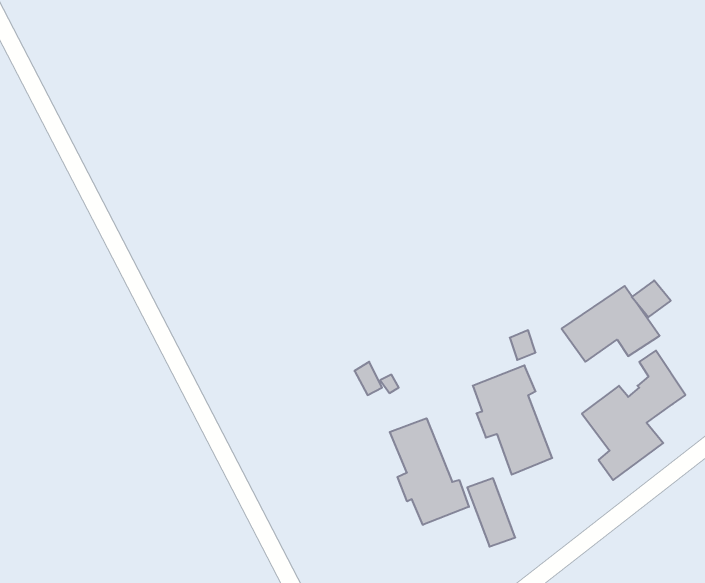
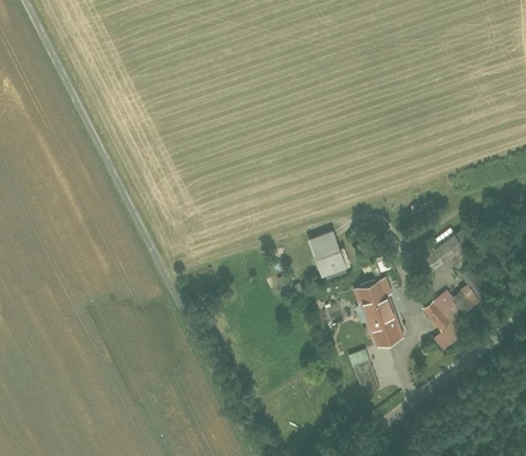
building: none -> [308,230,350,278]
building: [390,418,469,525] -> none

